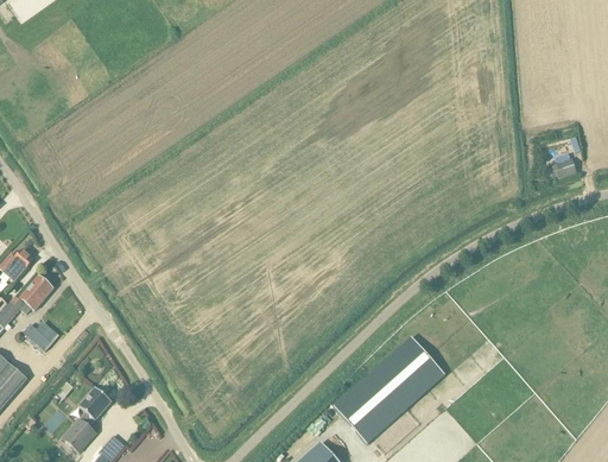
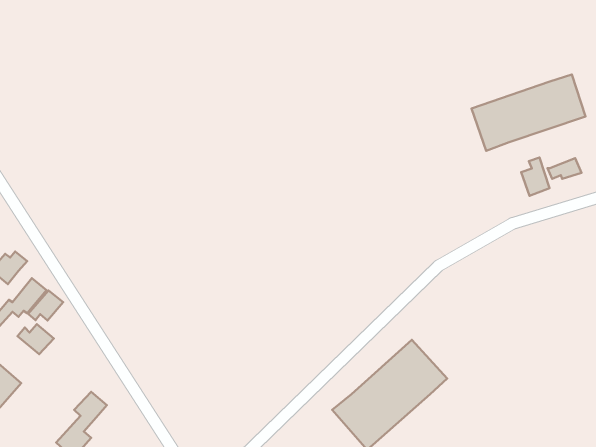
building: none -> [471,74,585,151]
building: none -> [521,158,550,196]
building: none -> [28,291,63,320]

